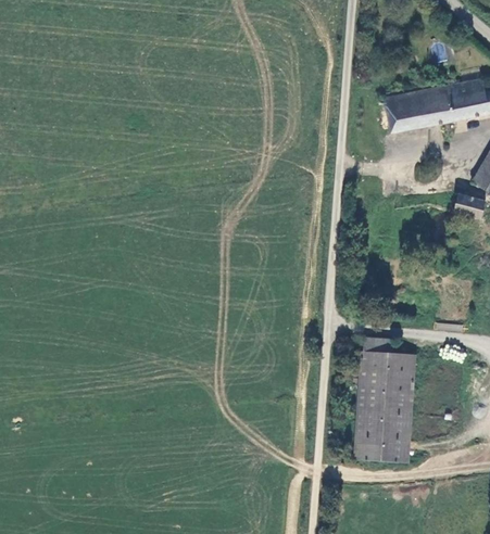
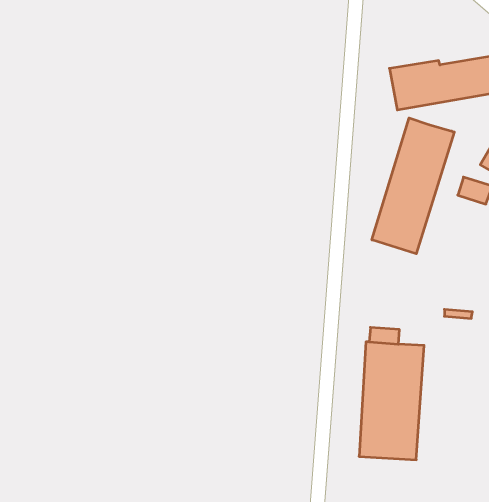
building: none -> [372,118,454,254]

